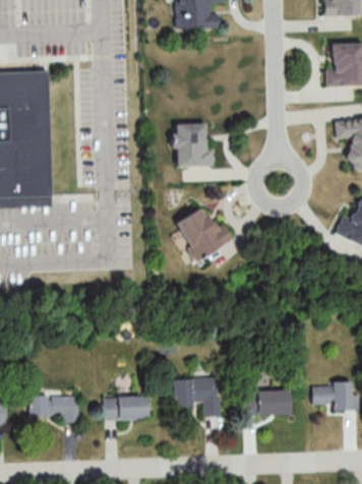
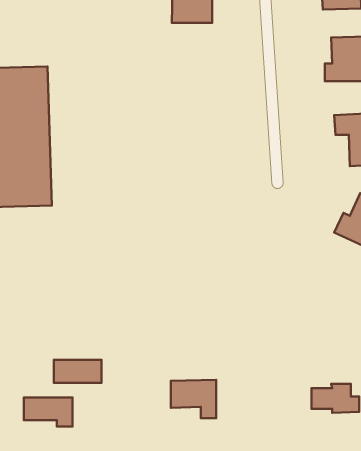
building: [175,123,214,167] -> none
building: [175,206,232,259] -> none
building: [241,391,289,415] -> none
building: [102,397,148,419] -> [54,360,102,383]

